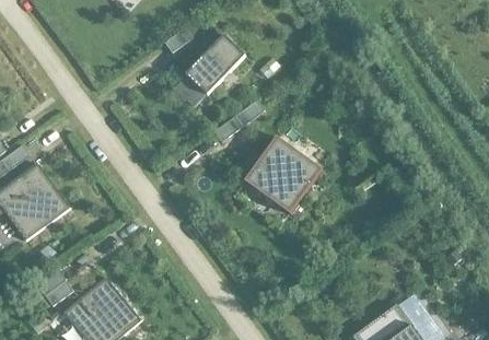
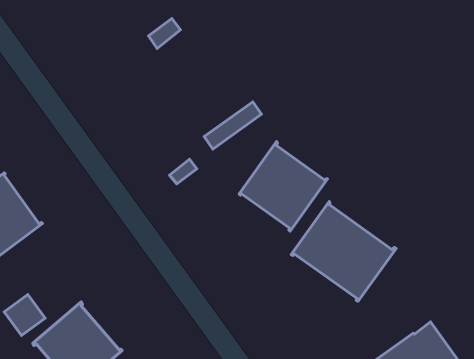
building: [184,35,244,96] -> none
building: none -> [291,202,396,301]

